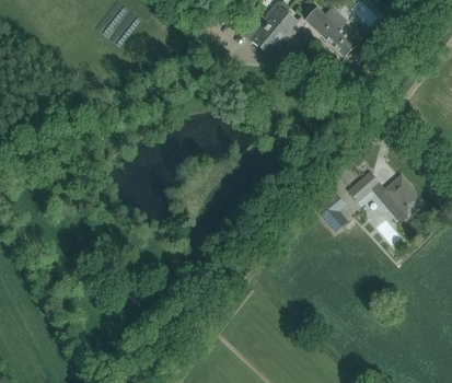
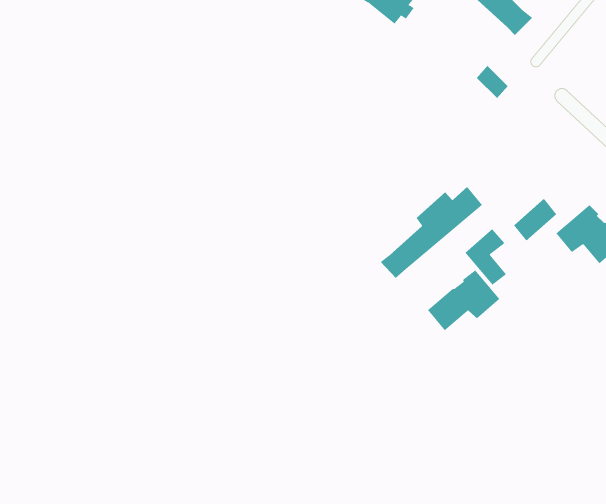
building: none -> [380,186,483,279]
building: none -> [427,270,500,331]

